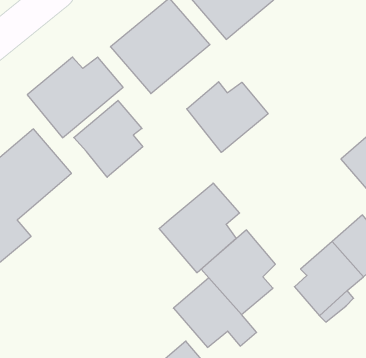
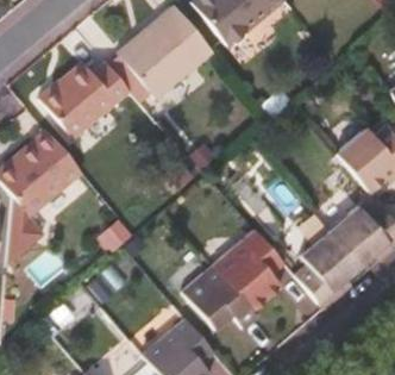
building: [187,82,268,152] -> none
building: [74,100,143,177] -> none
building: [159,183,240,273] -> none

